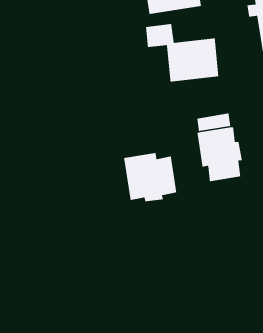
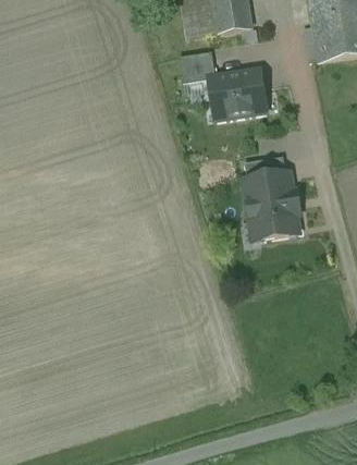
building: [123,152,177,202] -> none

